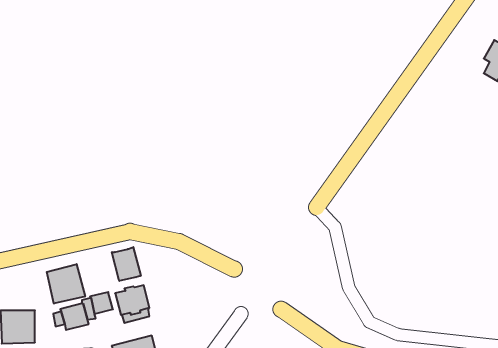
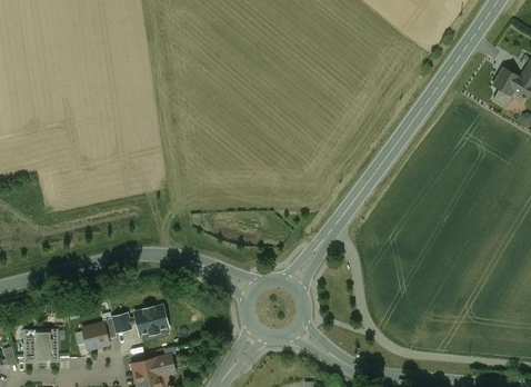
building: [112,247,141,281] -> none
building: [47,264,85,304] -> none

